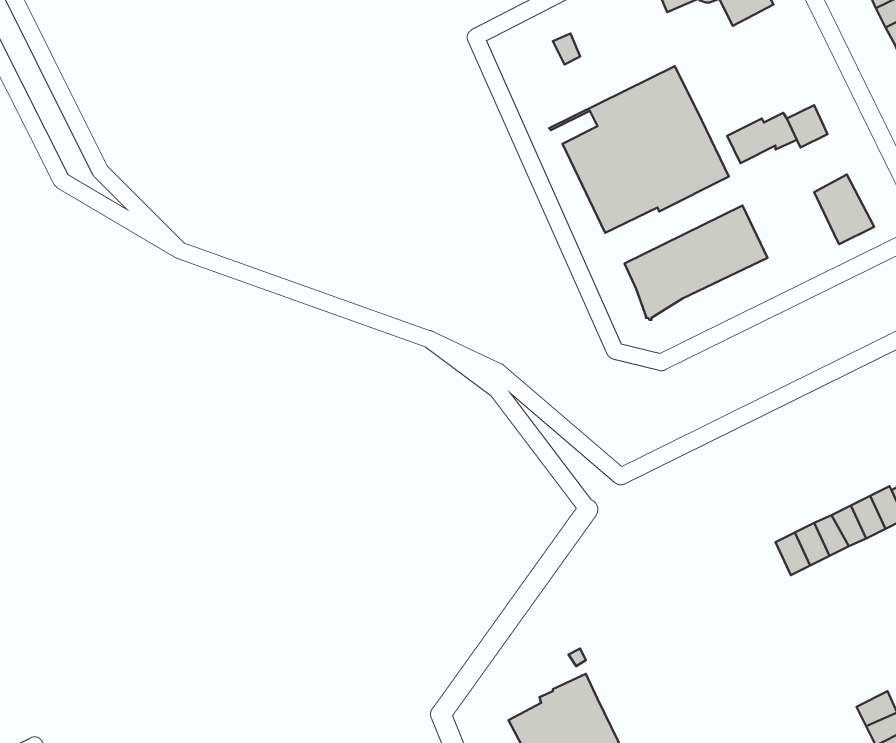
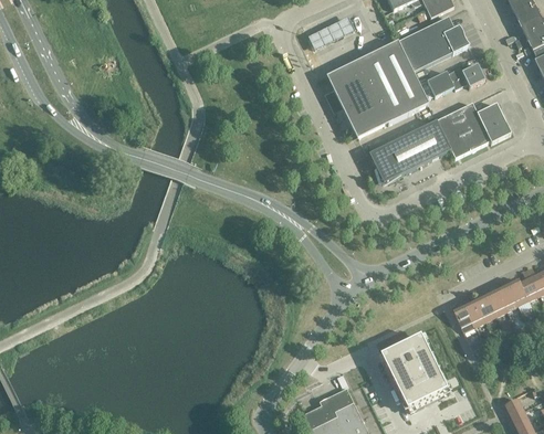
building: none -> [398,15,470,71]
building: none -> [437,102,491,157]
building: none -> [384,336,451,410]

